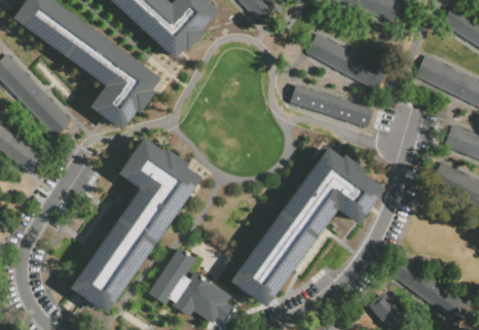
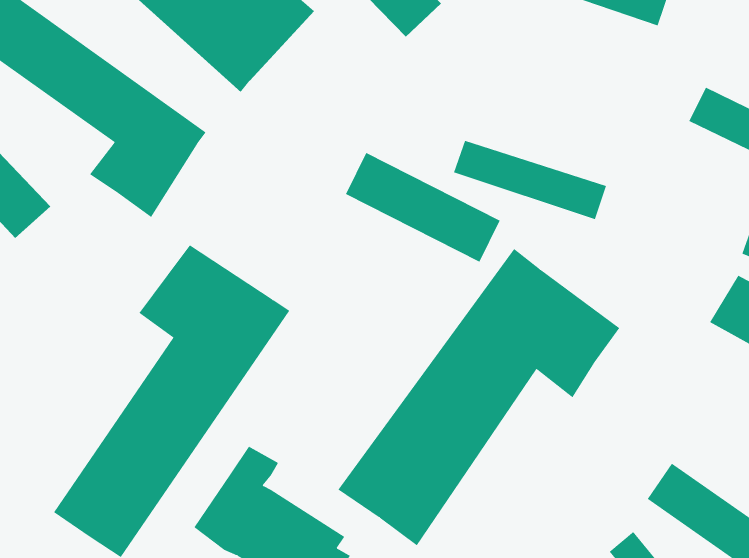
building: [306,32,391,91] -> [345,152,501,262]

